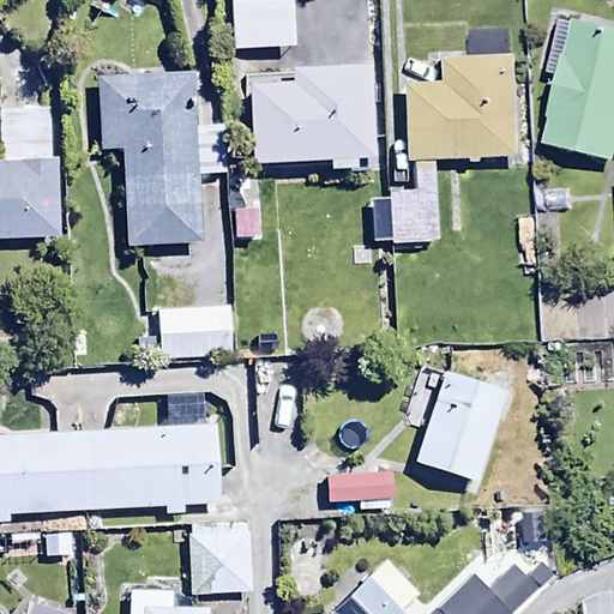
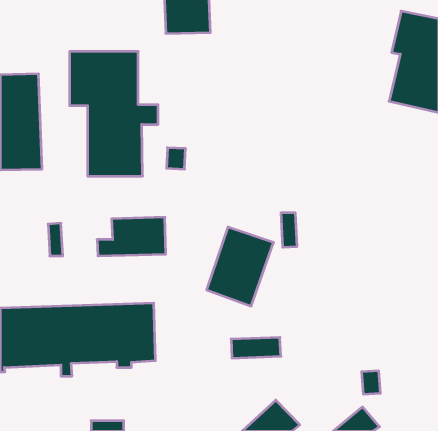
building: [389,55,522,243] -> none
building: [252,70,371,171] -> none
building: [415,372,508,482] -> [207,227,274,306]
building: [188,522,252,595] -> none

